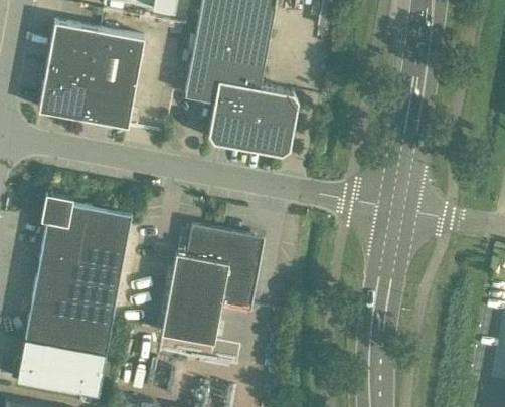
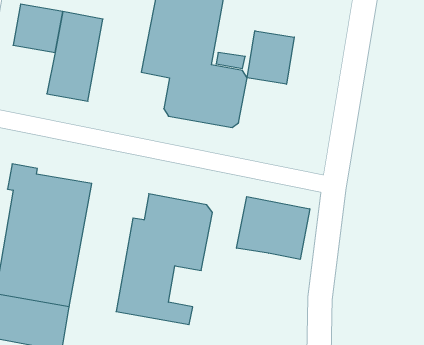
building: none -> [247,31,294,84]
building: [38,67,92,120] -> none
building: none -> [237,197,310,259]

